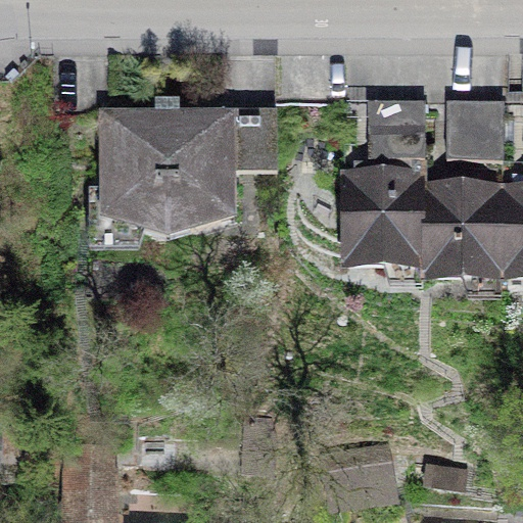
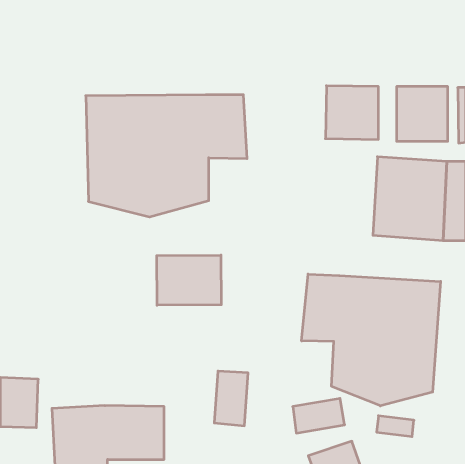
building: [338,173,424,266] -> none
building: none -> [157,255,221,305]
building: none -> [302,274,441,406]

